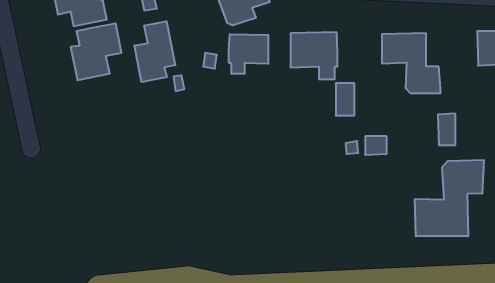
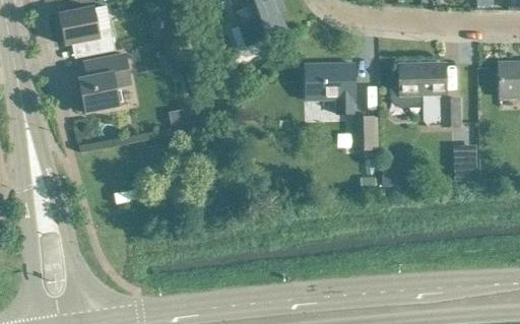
building: [134,21,175,82] -> none
building: [229,34,268,74] -> none
building: [415,160,484,236] -> none

